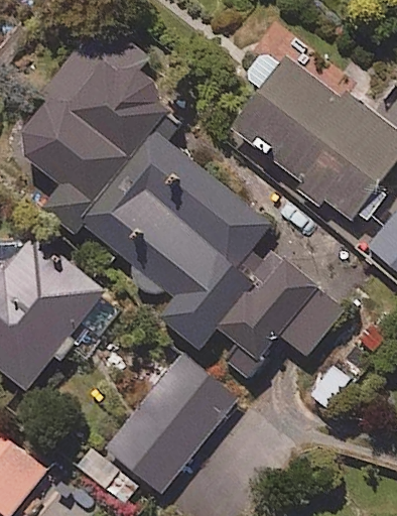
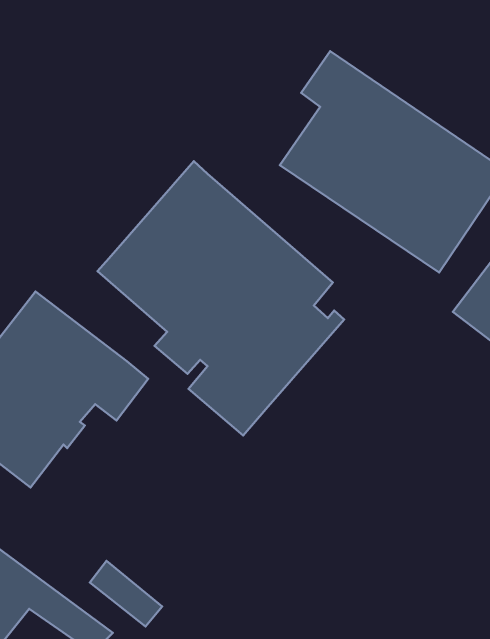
building: [13,23,174,208] -> none
building: [218,256,347,383] -> none
building: [107,355,237,492] -> none

